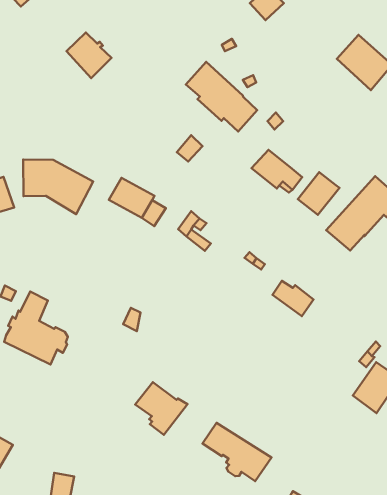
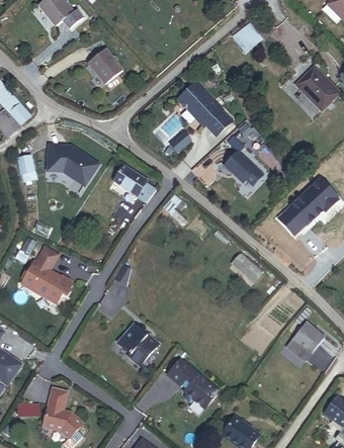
building: [298,172,339,215] -> none

